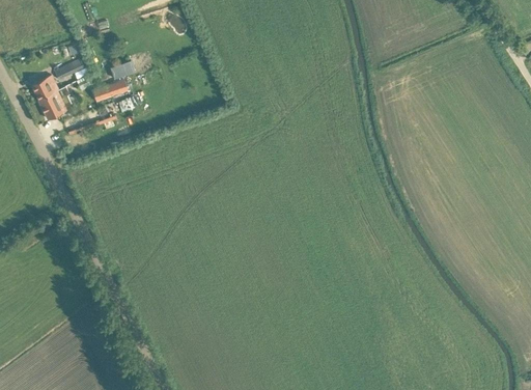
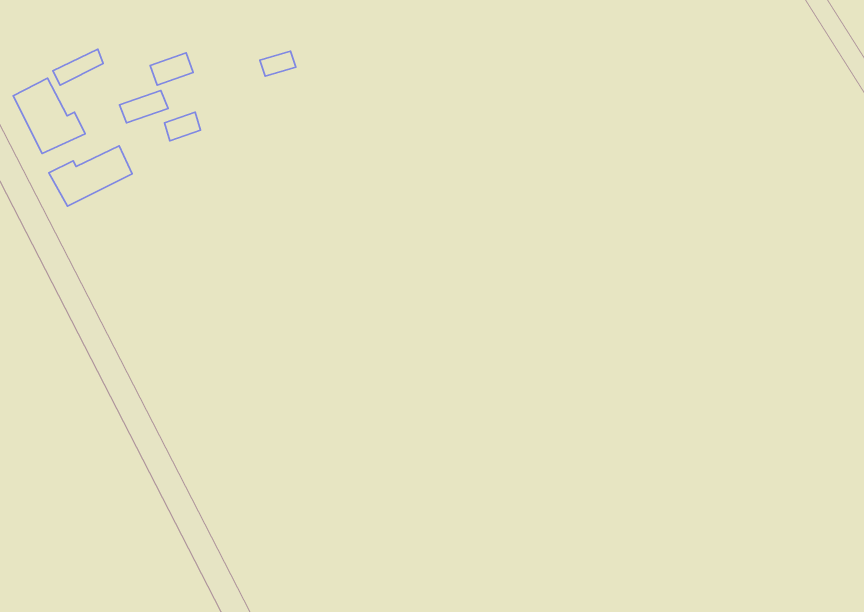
building: none -> [49,146,132,206]

